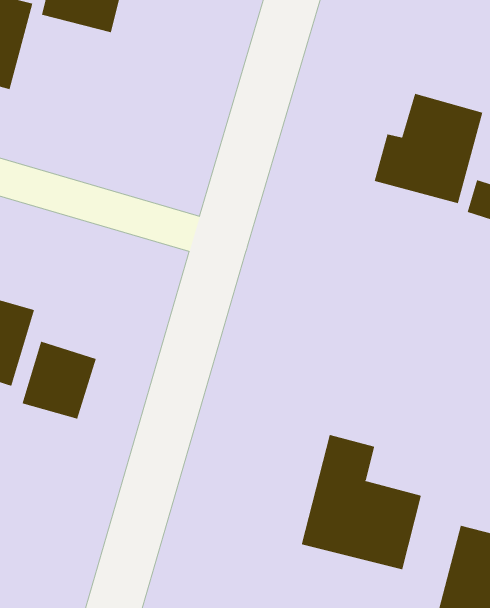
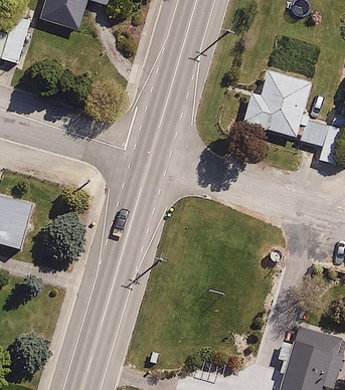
building: [22,341,97,419] -> none
building: [301,434,421,570] -> none

